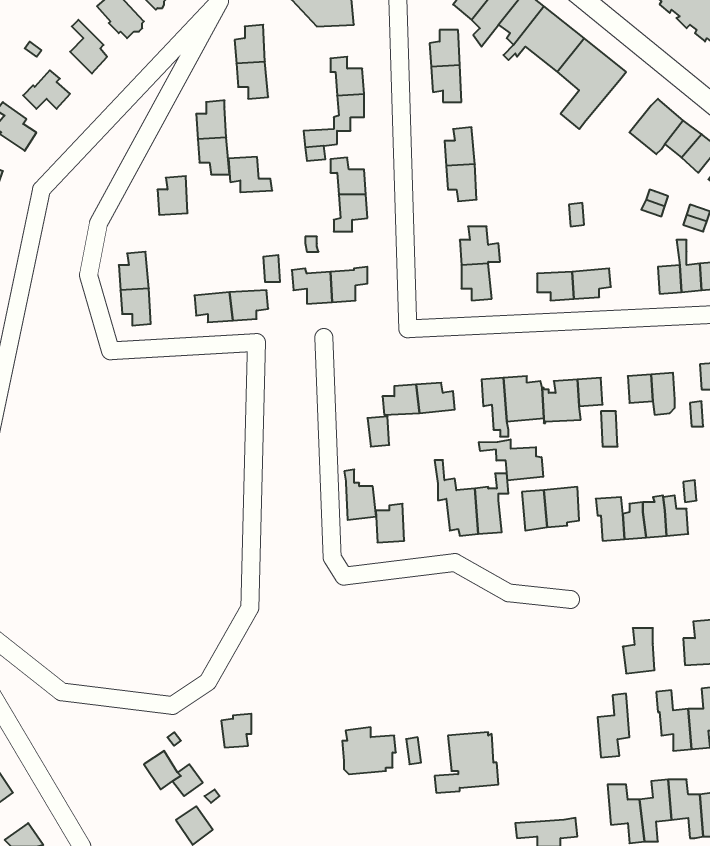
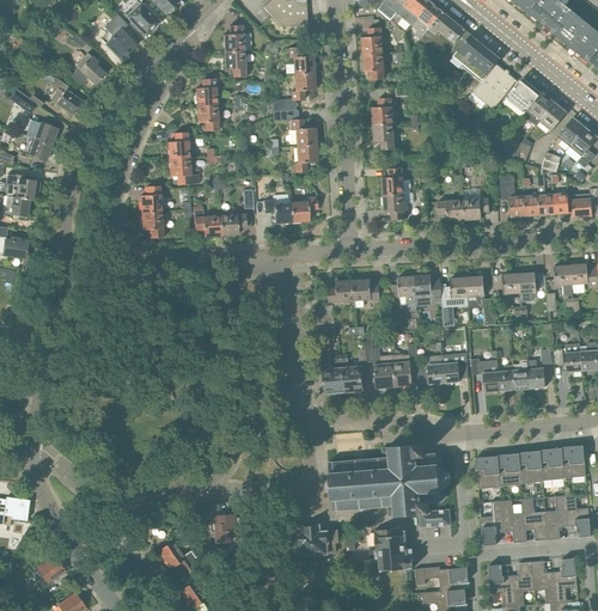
building: none -> [472,63,519,110]
building: [229,157,272,192] -> [169,158,200,183]
building: none -> [500,176,525,216]
building: [479,439,543,481] -> none
building: [344,469,376,520] -> [341,355,364,391]
building: none -> [329,444,450,526]
building: none -> [520,450,543,483]
building: none -> [477,456,501,488]
building: none -> [501,500,527,543]
building: none -> [415,566,468,591]

